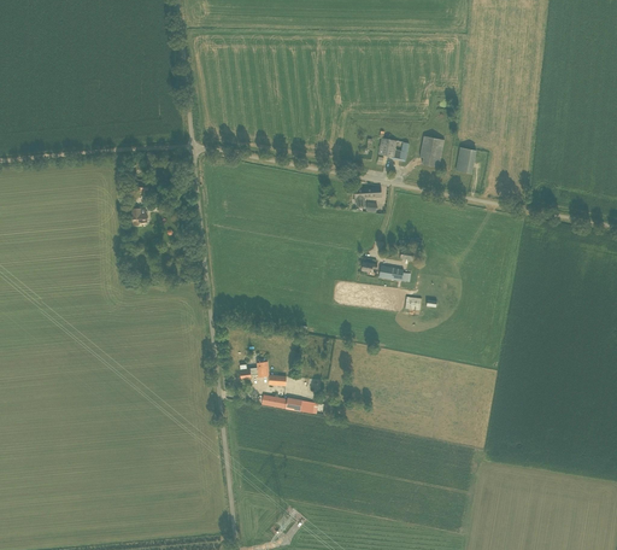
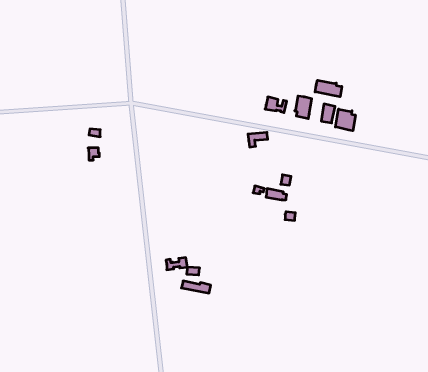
building: none -> [315,80,342,97]
building: none -> [335,109,355,131]

